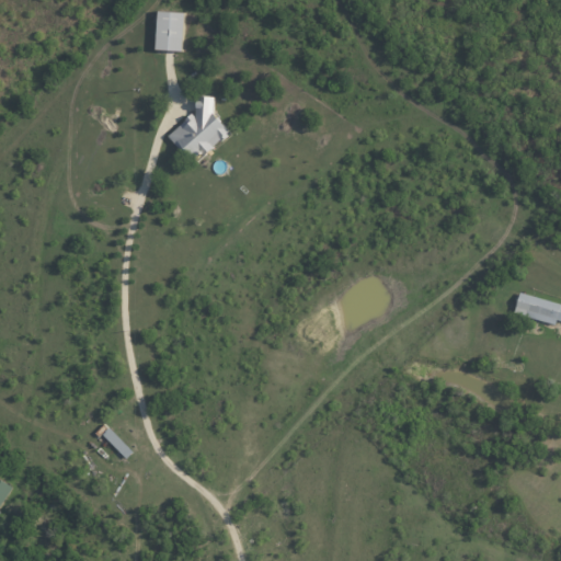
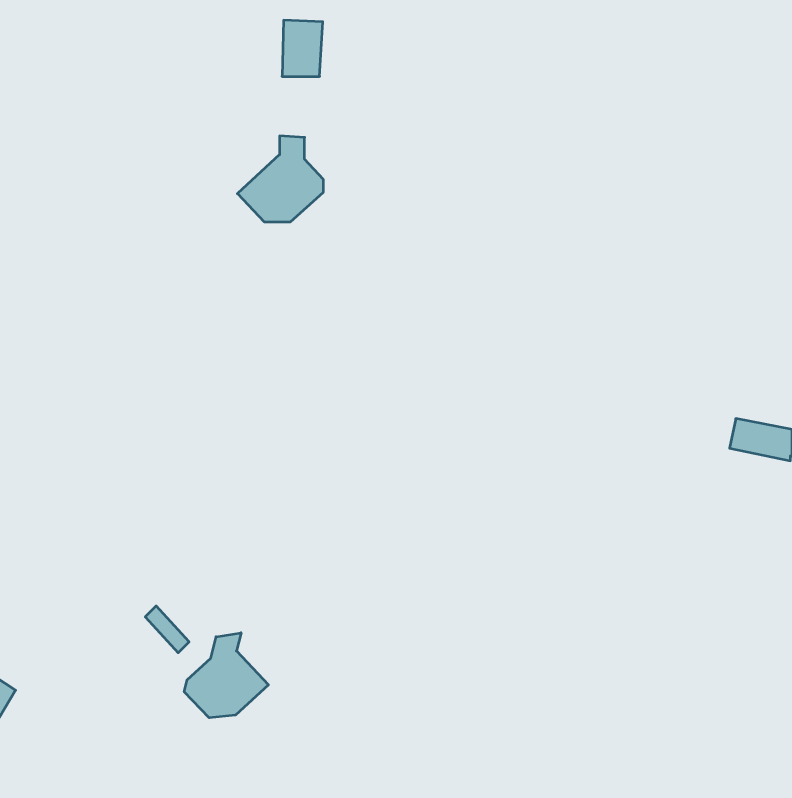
building: [156,10,184,49] -> [282,20,323,76]
building: none -> [184,633,268,718]

